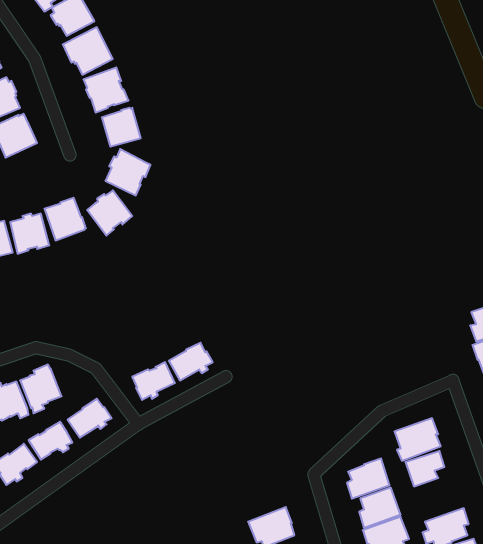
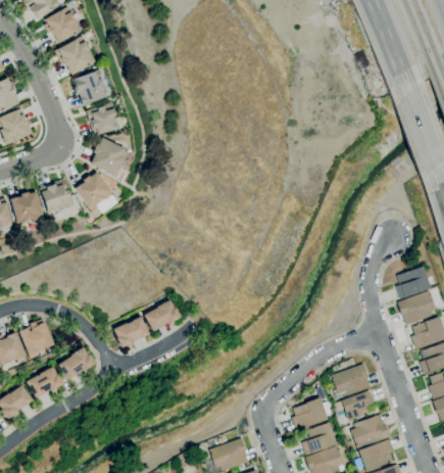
building: none -> [350,415,390,450]

